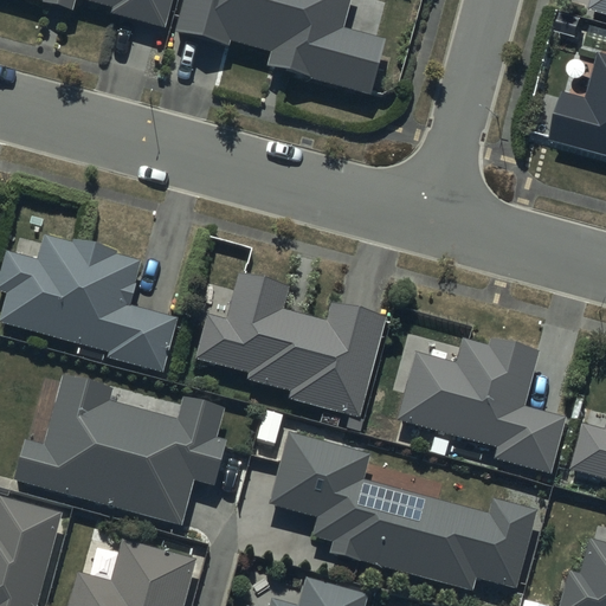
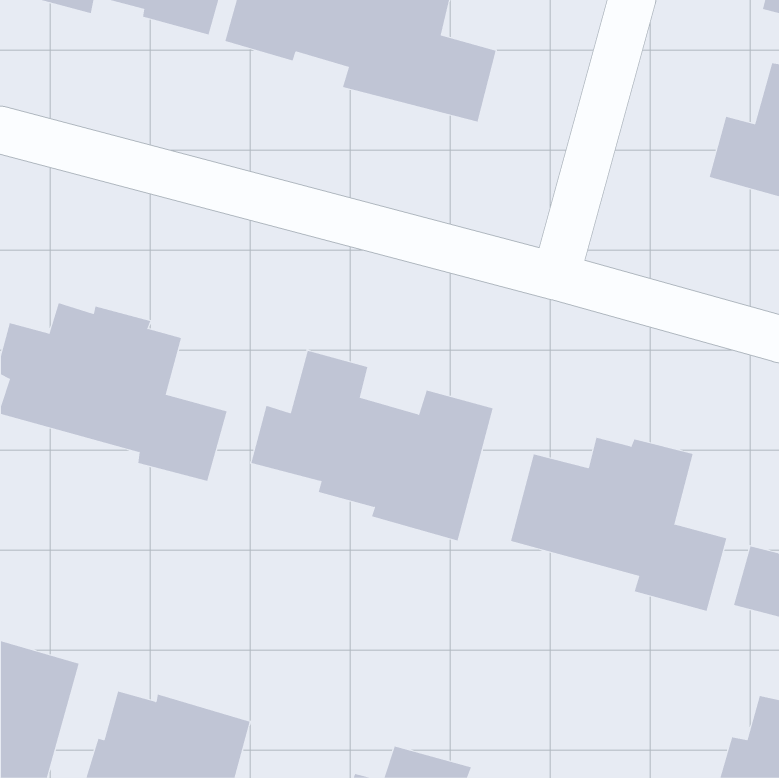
building: [14,378,226,526] -> none
building: [271,433,536,592] -> none

